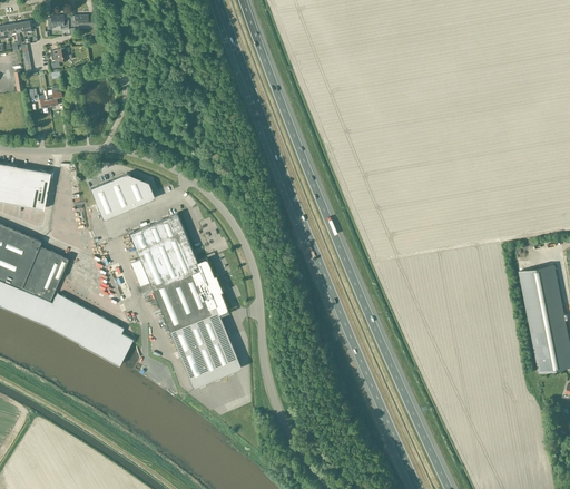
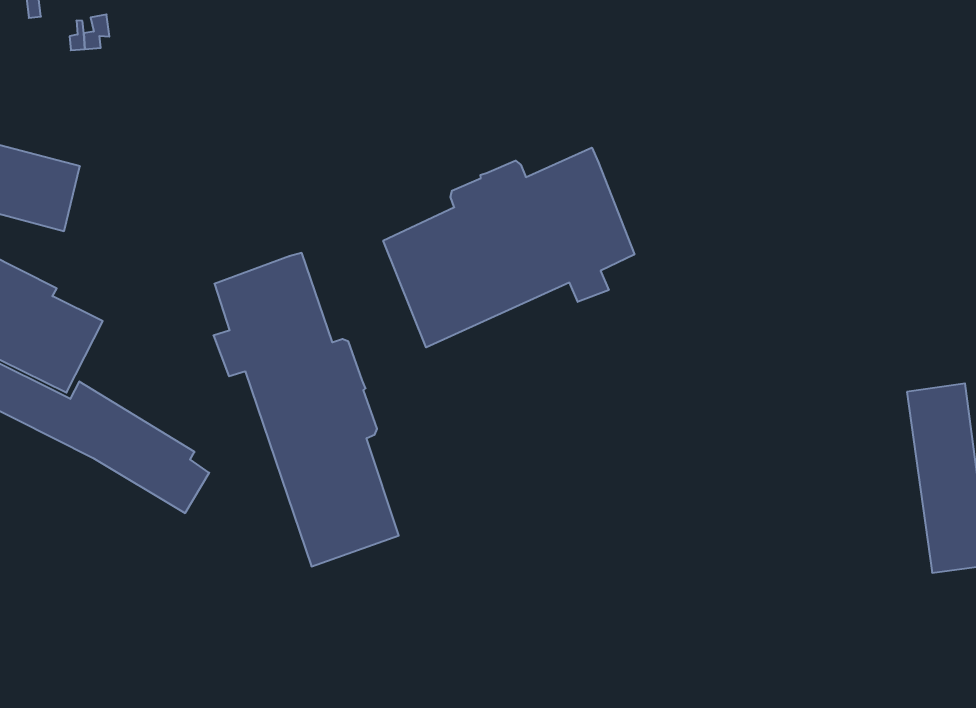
building: none -> [383,148,634,347]
building: [90,174,155,219] -> none

